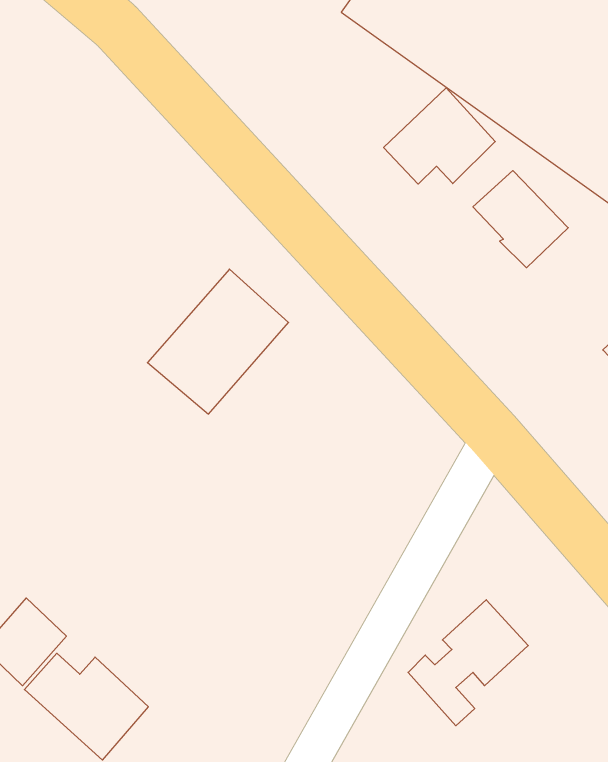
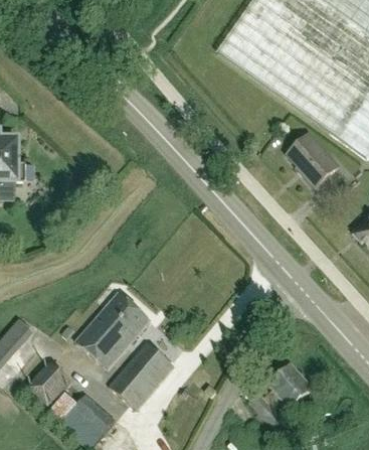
building: [384,88,495,184] -> none
building: [147,269,289,414] -> [76,290,151,366]
building: none -> [110,340,175,408]

